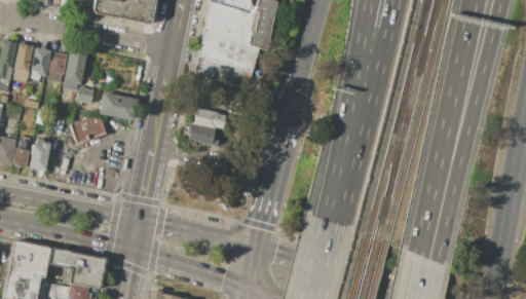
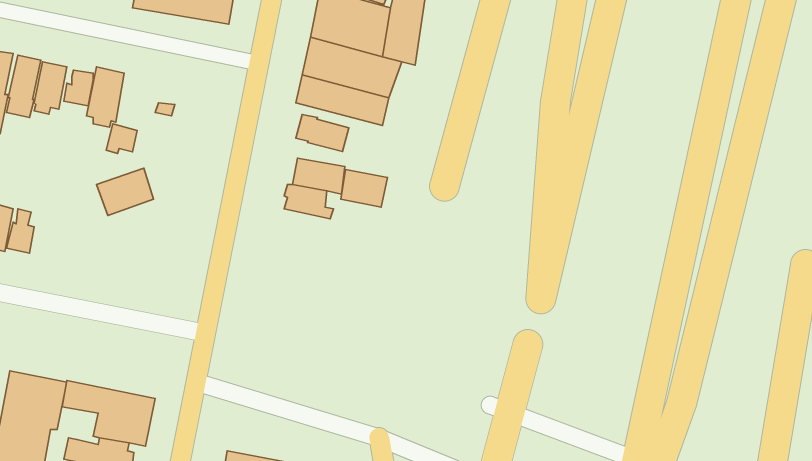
building: none -> [296,115,349,151]
building: [100,91,138,121] -> none
building: none -> [341,170,387,207]
building: [29,138,50,170] -> none

